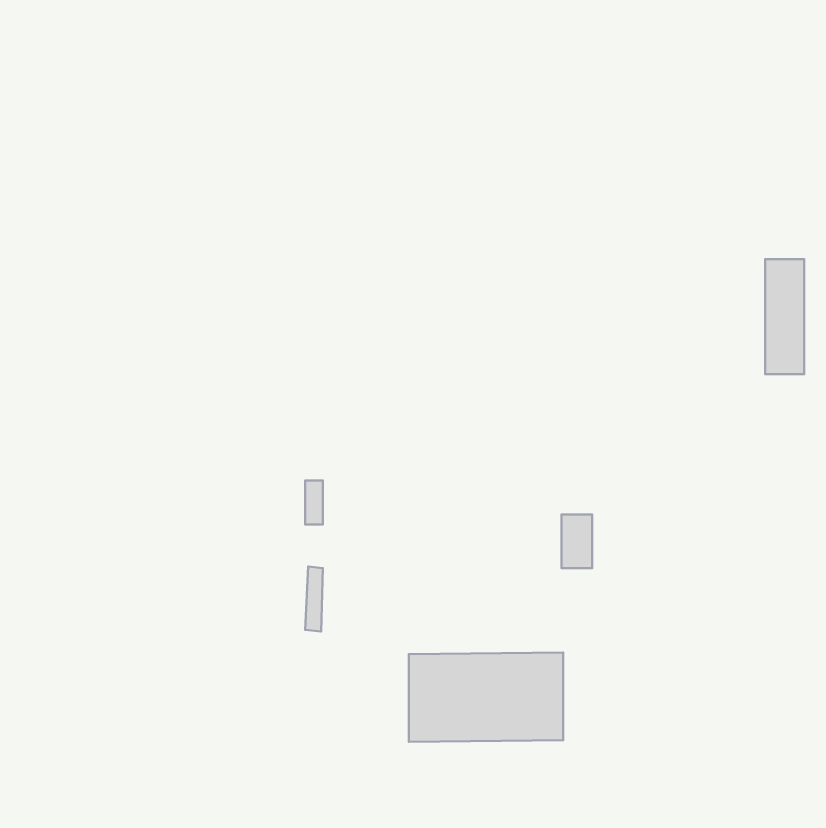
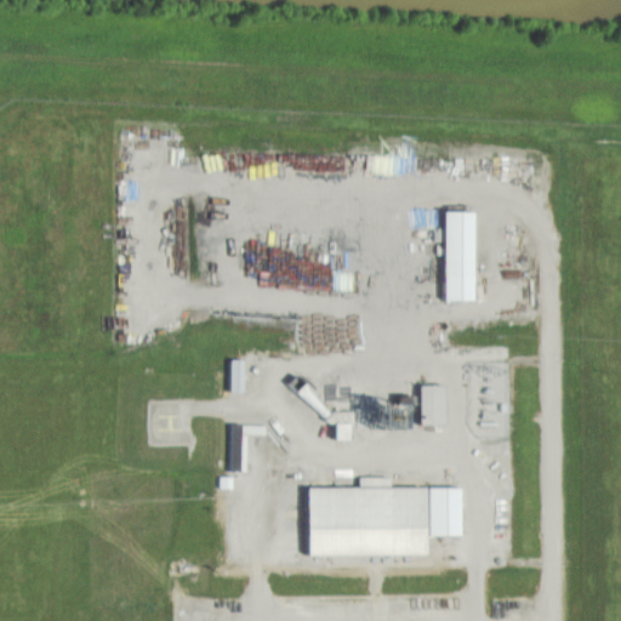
building: [765,259,804,374] -> [445,213,474,300]
building: none -> [429,488,461,535]

